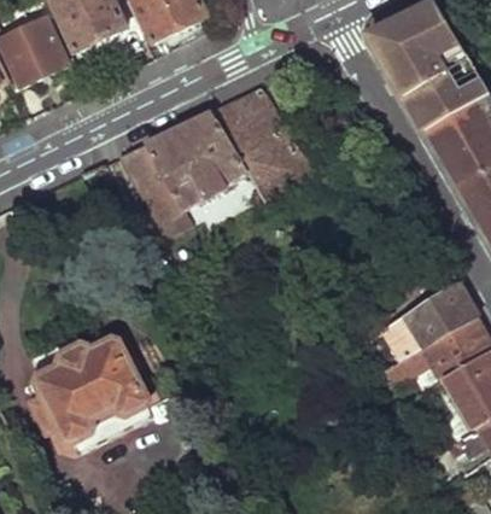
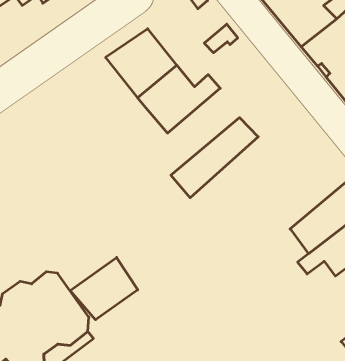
building: [119,109,246,220] -> none
building: none -> [171,118,258,198]
building: none -> [70,257,138,320]

